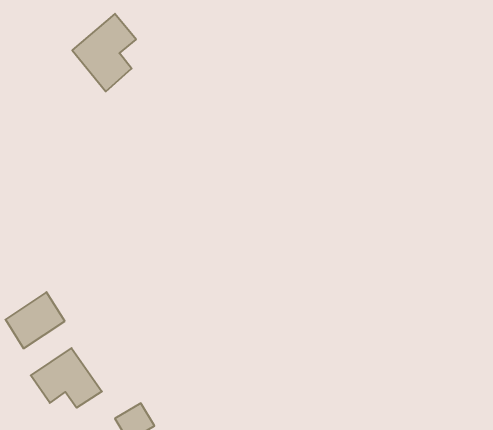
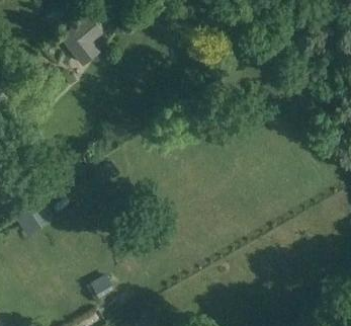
building: [31,348,102,408] -> none

